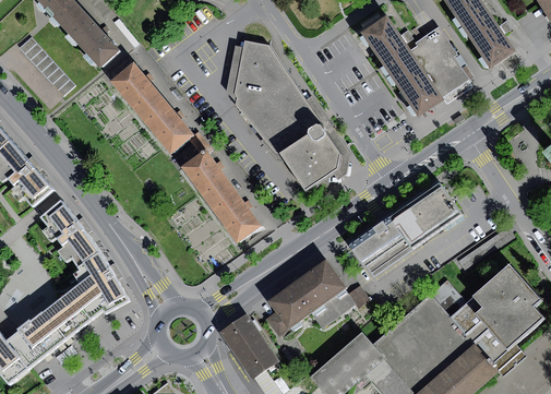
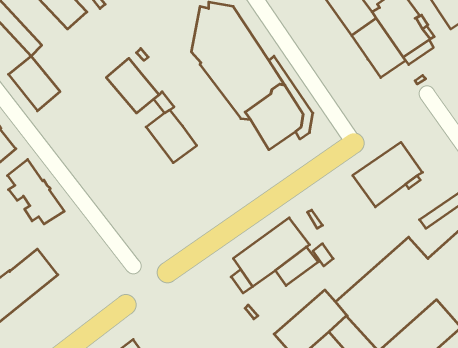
building: [110,61,163,117] -> [8,56,60,111]
building: [207,186,261,242] -> none
building: [349,216,412,274] -> none
building: [70,252,128,317] -> none
building: [220,313,279,378] -> none

